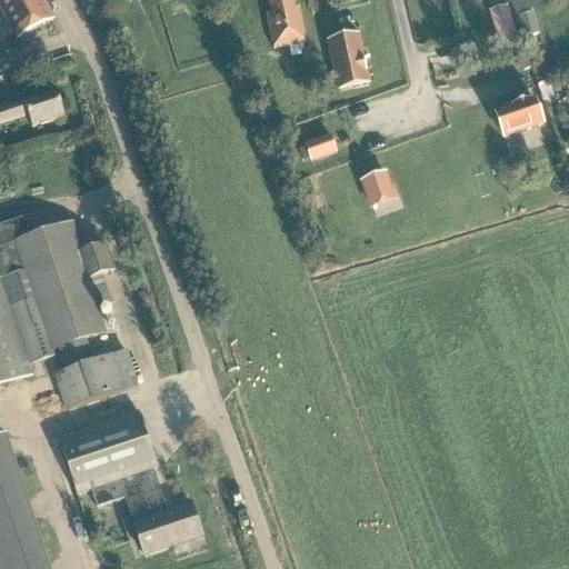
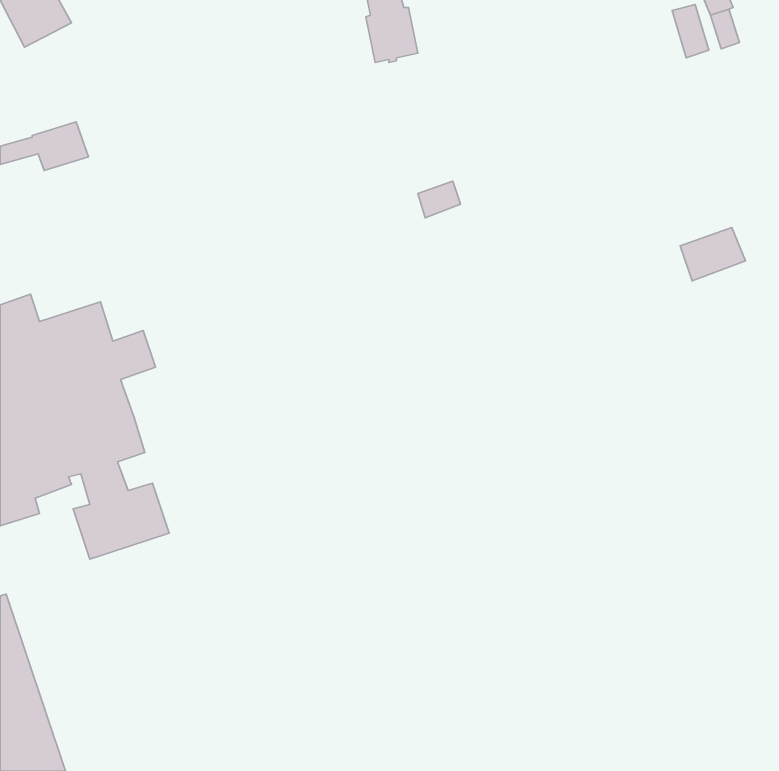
building: [326,33,369,87] -> none
building: [496,96,543,134] -> [680,227,746,281]
building: [362,170,392,203] -> none
building: [59,410,202,555] -> none

